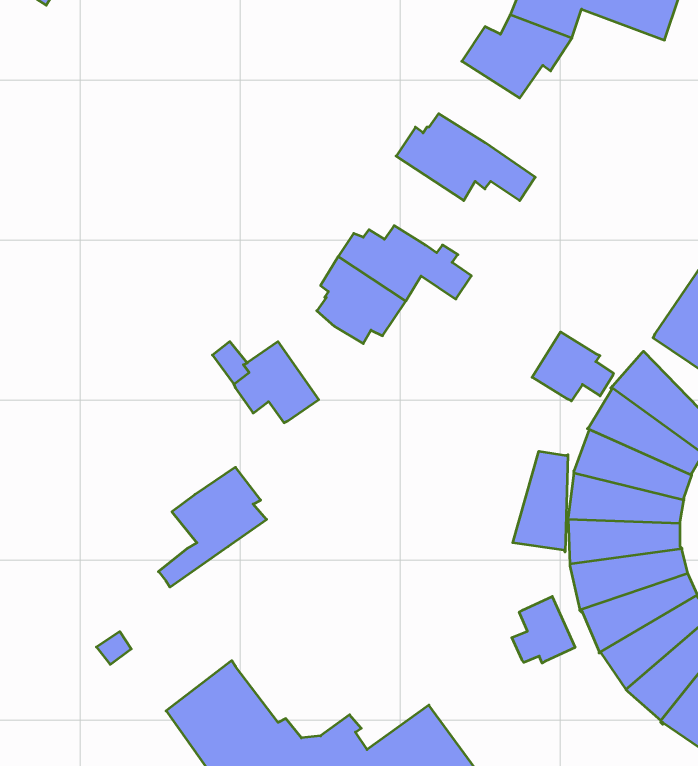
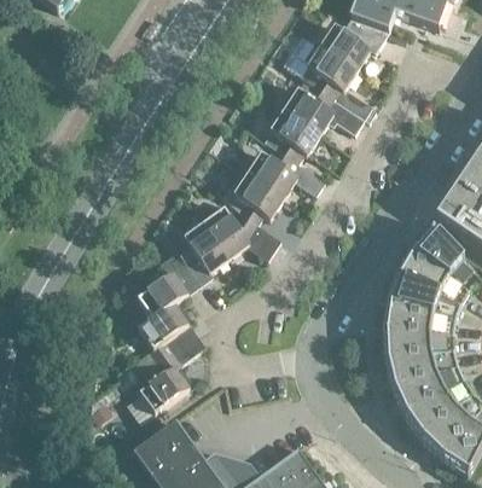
building: none -> [300,41,355,95]
building: none -> [265,104,320,159]
building: none -> [201,199,280,257]
building: [532,332,613,401] -> none
building: none -> [138,249,192,315]
building: [513,451,568,552] -> none
building: none -> [137,331,207,411]
building: [512,596,575,663] -> none

